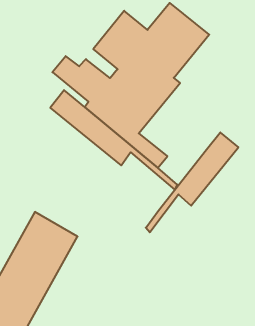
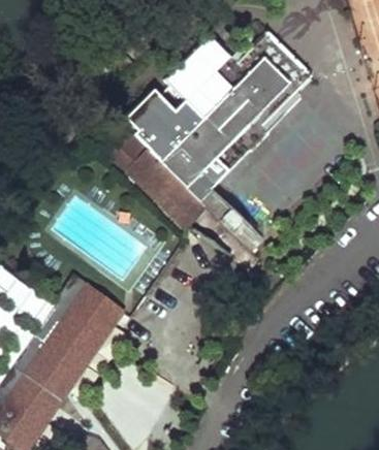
building: [146,132,238,232] -> none

